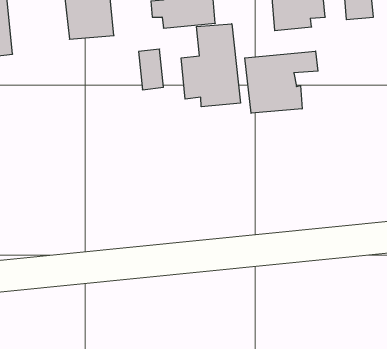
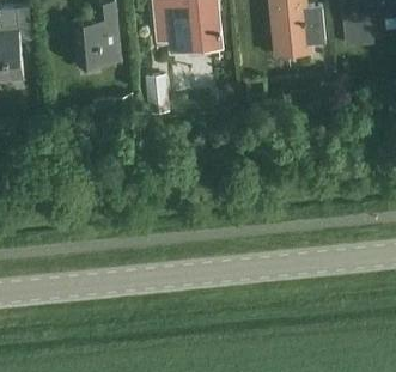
building: [181,24,240,107] -> none
building: [245,51,318,113] -> none

